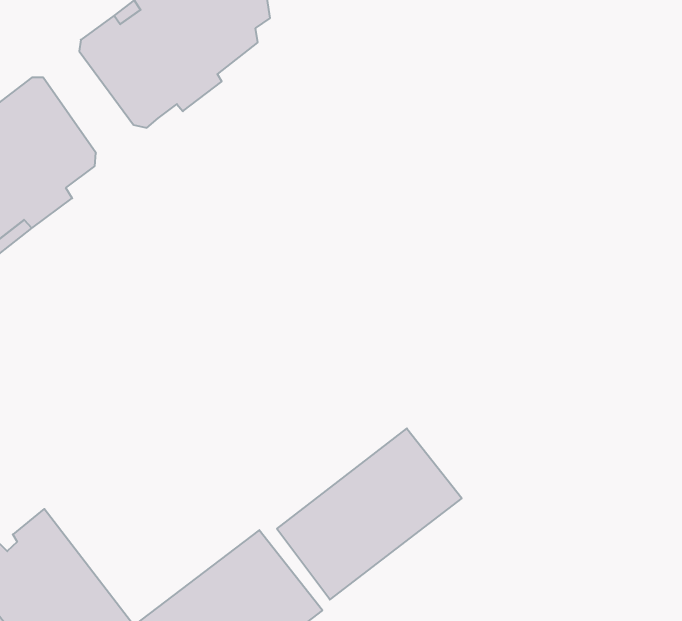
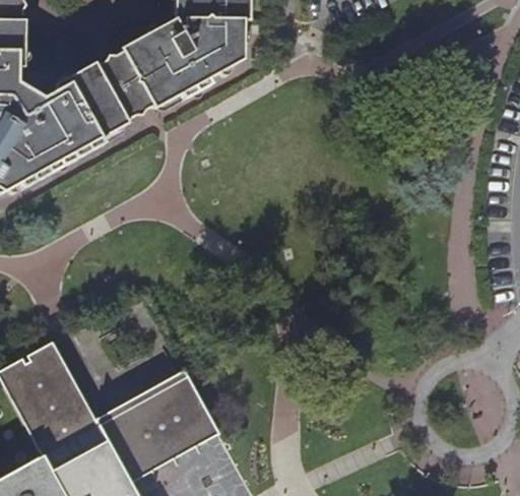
building: none -> [91,56,144,122]
building: [277,428,462,600] -> none

